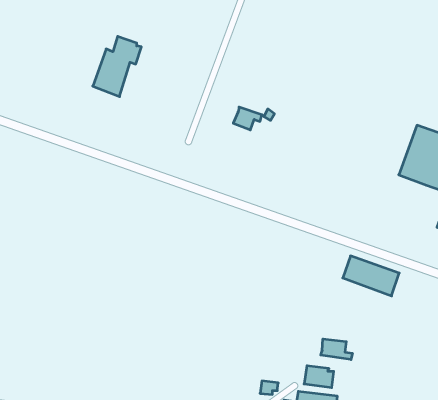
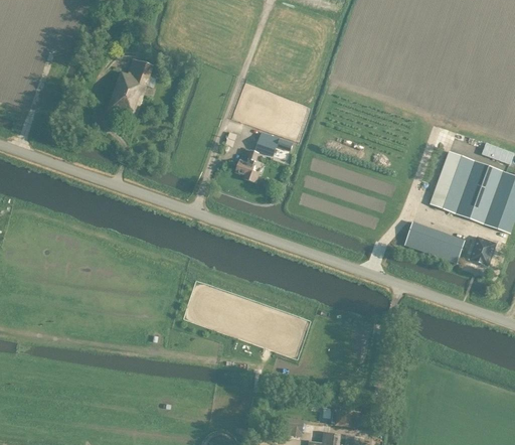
building: none -> [235,150,258,183]
building: [343,256,399,296] -> [404,221,464,264]
building: [321,339,352,360] -> none

